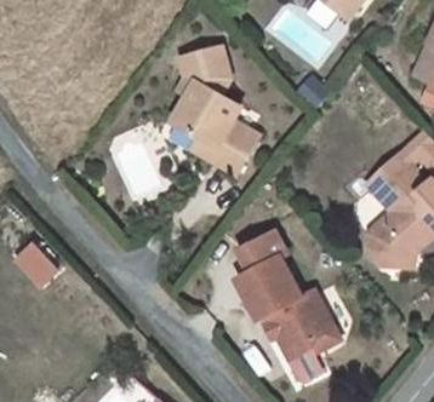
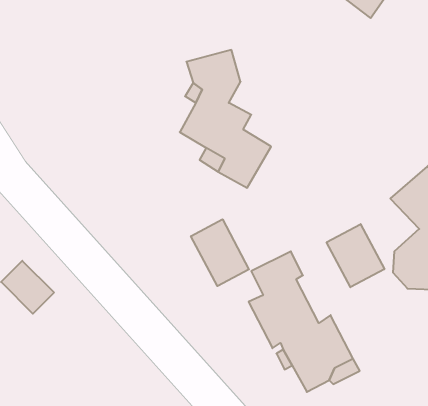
building: none -> [191,219,249,286]
building: none -> [327,224,384,287]

